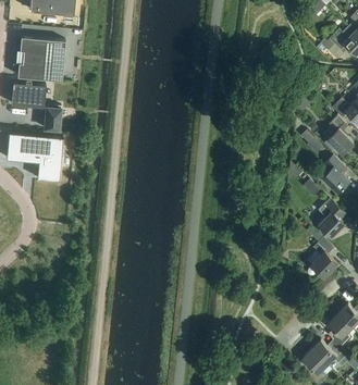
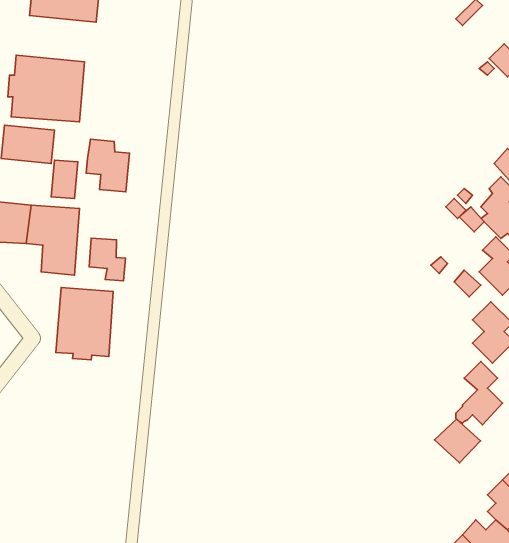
building: none -> [86,139,129,192]
building: none -> [89,238,125,281]
building: none -> [56,288,113,360]
building: none -> [435,419,480,463]

